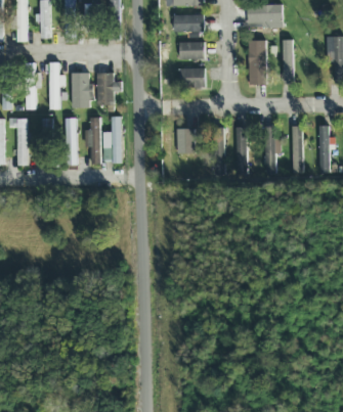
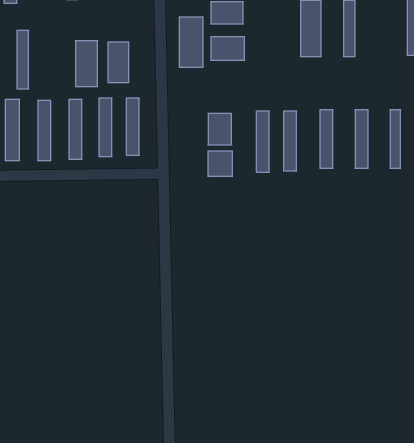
building: none -> [179,17,203,67]
building: [49,62,66,109] -> none
building: none -> [208,151,232,177]

